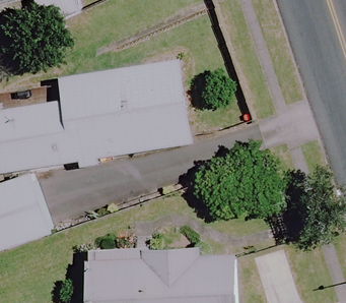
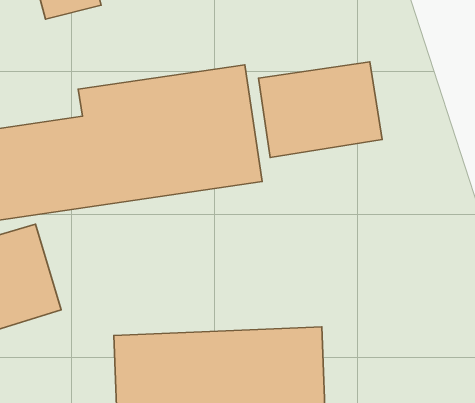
building: none -> [259,62,382,158]

